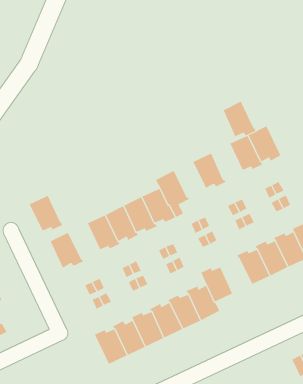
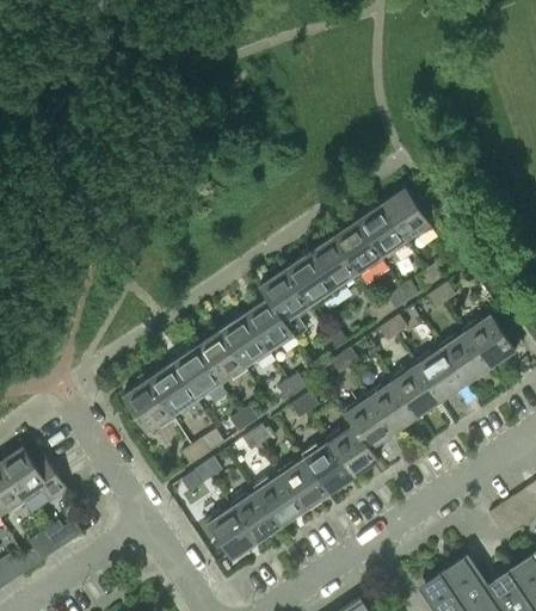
building: [223,101,256,137] -> [332,222,383,274]
building: none -> [283,255,334,307]
building: [29,195,63,231] -> [146,364,198,416]
building: none -> [365,382,417,433]

